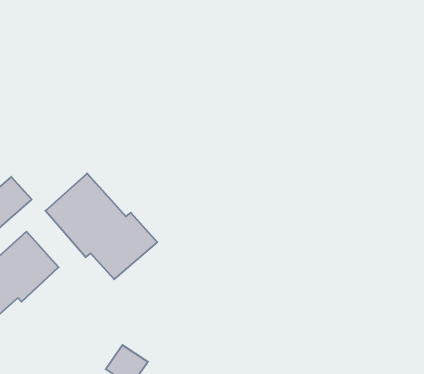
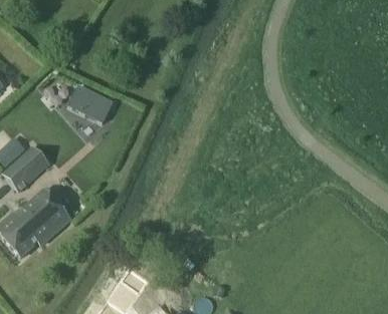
building: none -> [66,83,112,122]
building: [45,173,157,279] -> none

